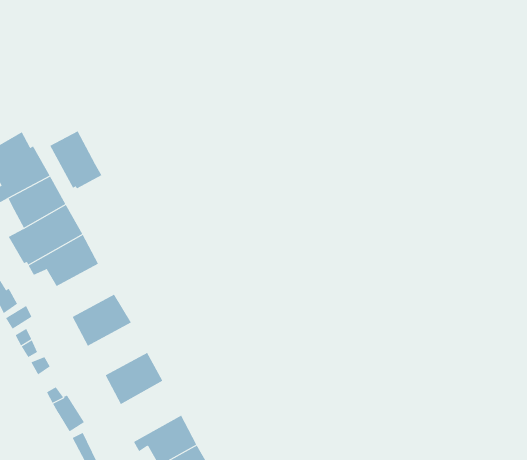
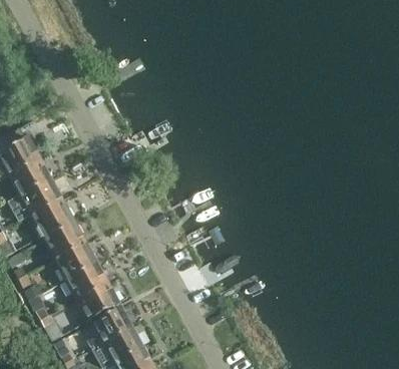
building: [50,130,102,189] -> none
building: none -> [44,224,85,261]
building: none -> [66,265,108,302]
building: none -> [93,310,132,349]

